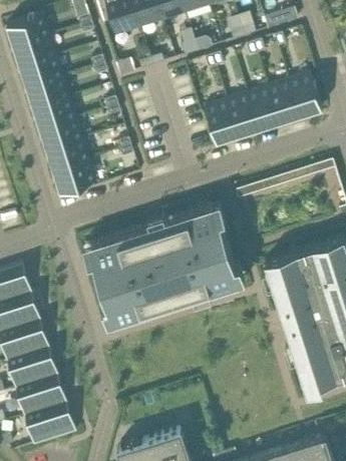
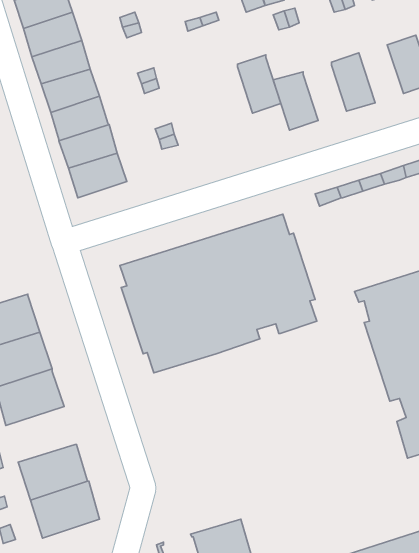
building: [267,82,300,125] -> none
building: [226,95,258,138] -> [237,55,281,113]
building: [6,350,57,391] -> none

